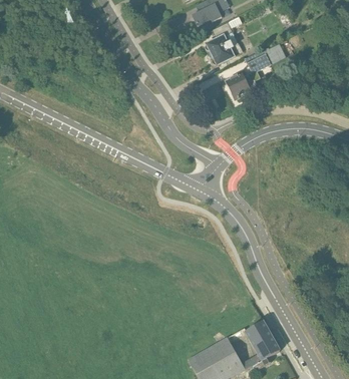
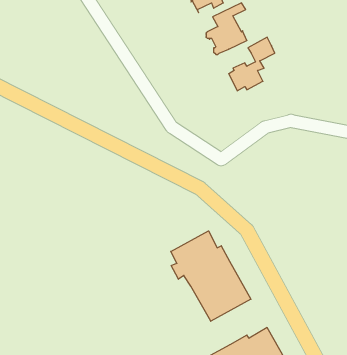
building: none -> [171,231,251,321]

